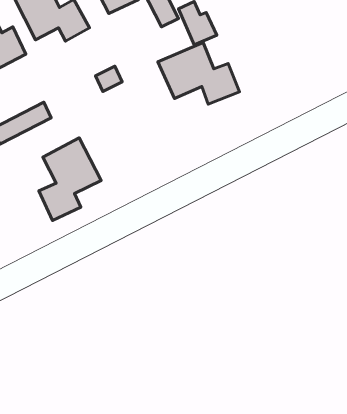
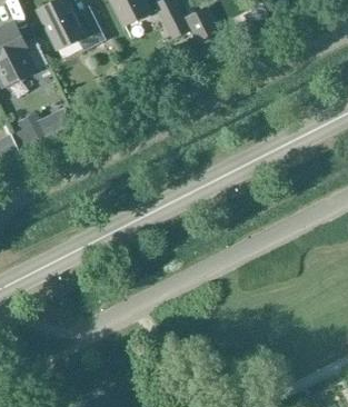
building: [158,42,239,104] -> none
building: [39,138,101,220] -> none

